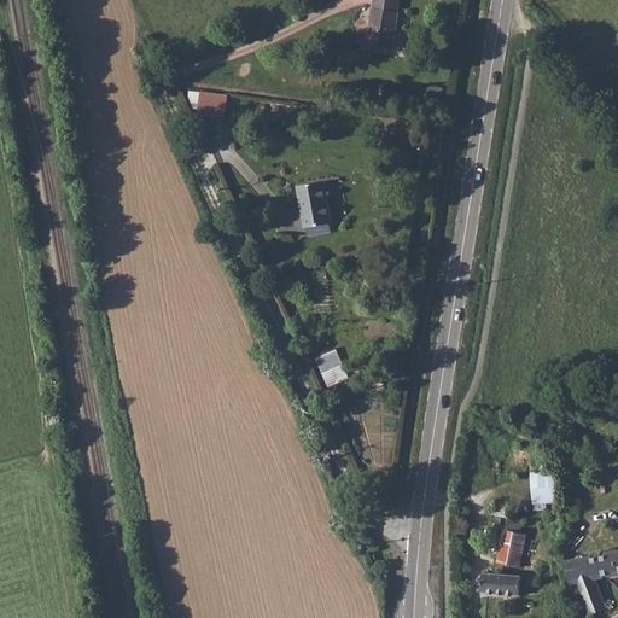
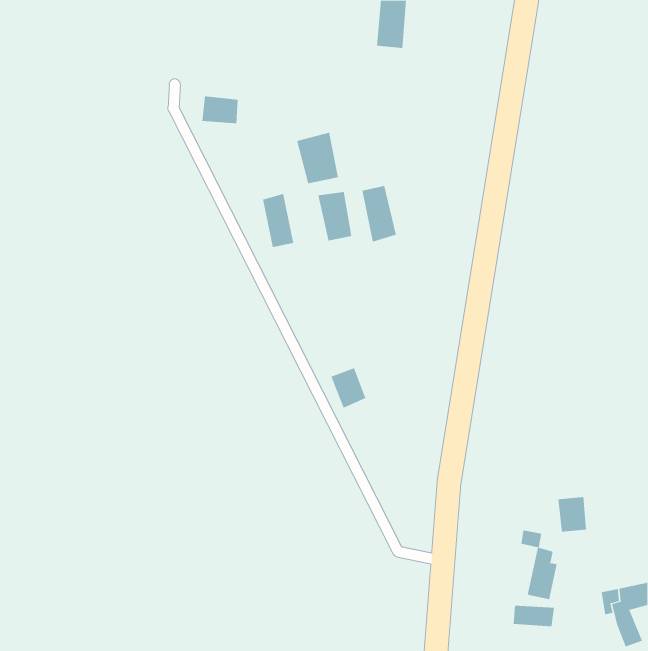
building: none -> [297,132,338,184]
building: none -> [362,185,396,242]
building: none -> [262,193,294,248]

